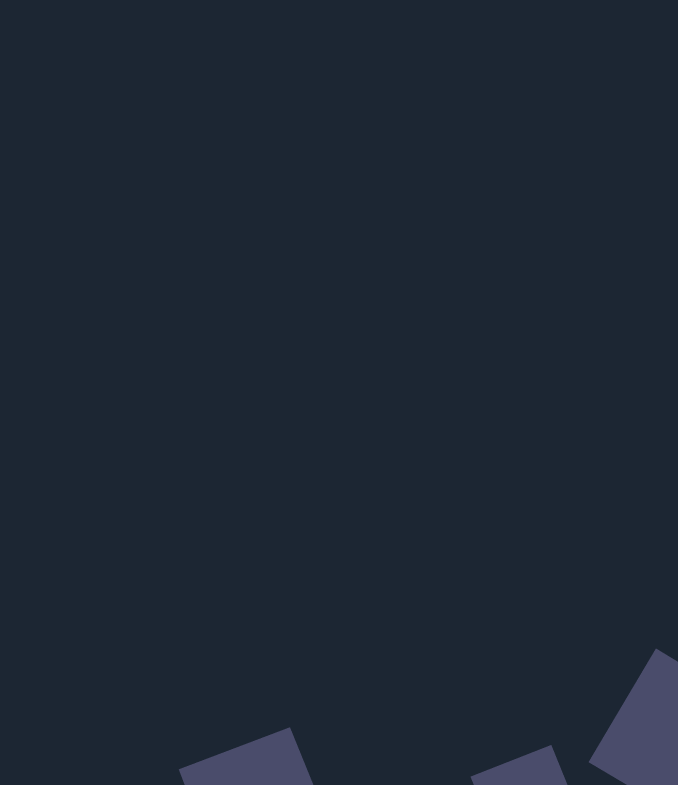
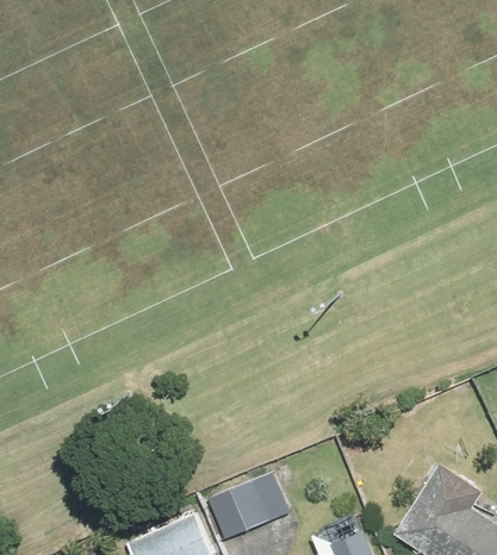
building: none -> [207,472,293,537]

